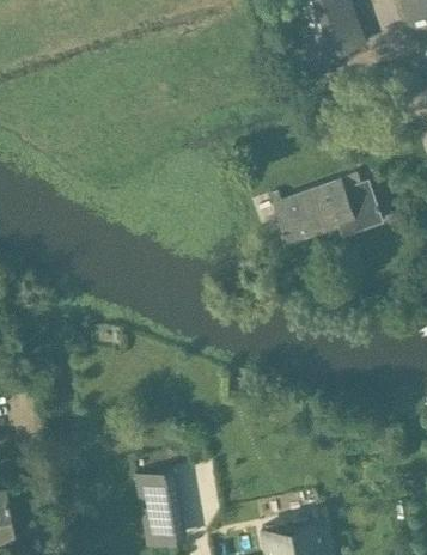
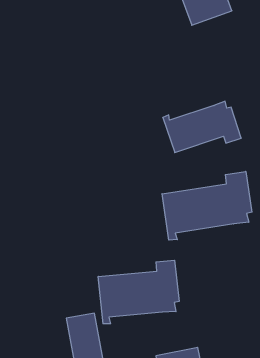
building: none -> [162,171,252,240]
building: none -> [98,260,179,324]

